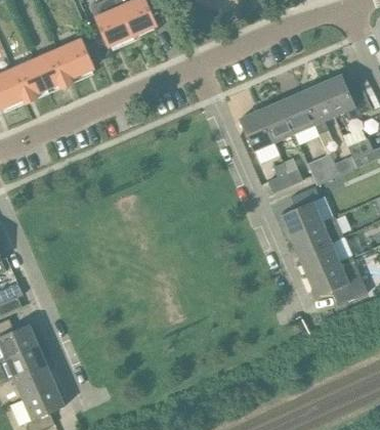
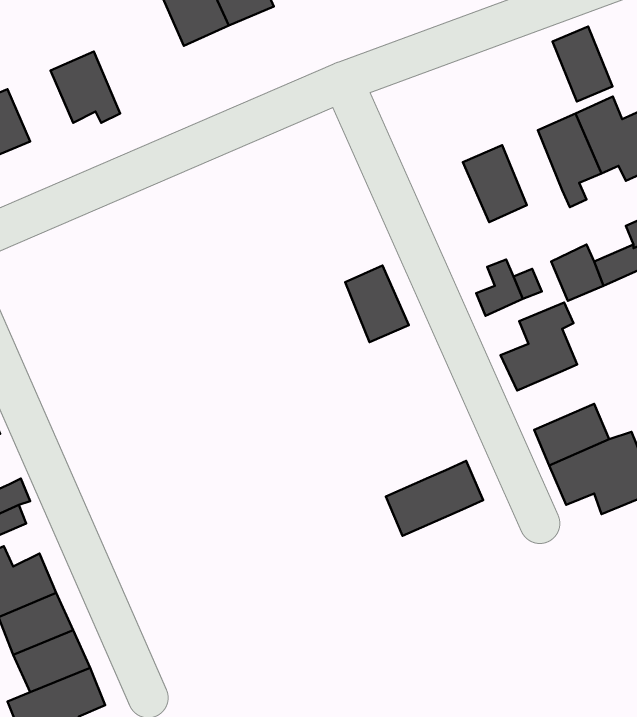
building: [57,39,93,78] -> none
building: [10,59,46,103] -> none
building: [281,92,313,133] -> [552,27,612,101]
building: [239,110,273,152] -> [345,265,409,342]
building: [289,215,342,256] -> [386,461,483,536]

